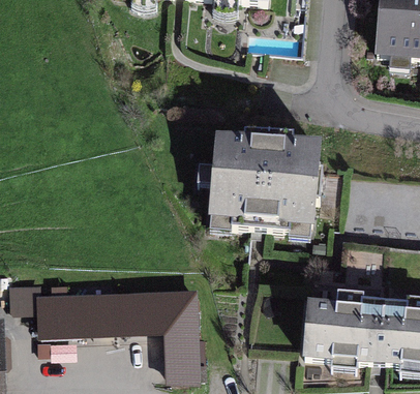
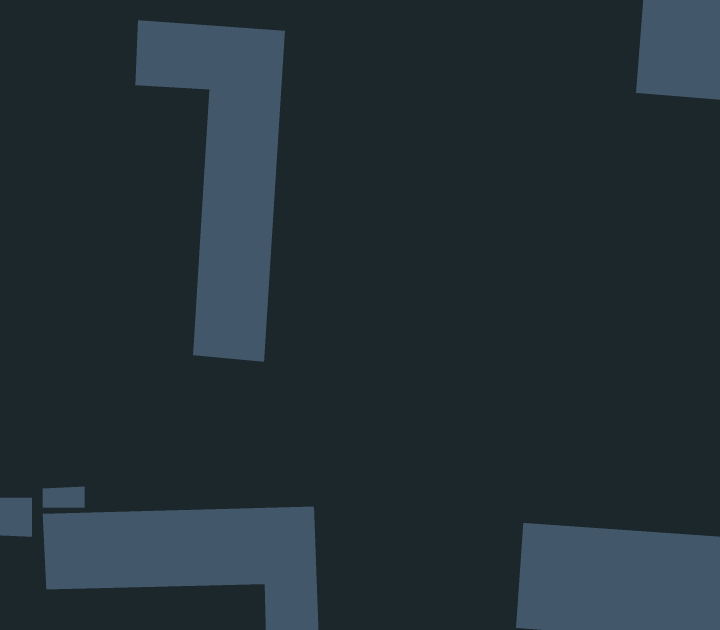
building: none -> [135,19,286,363]
building: [212,134,322,222] -> none

